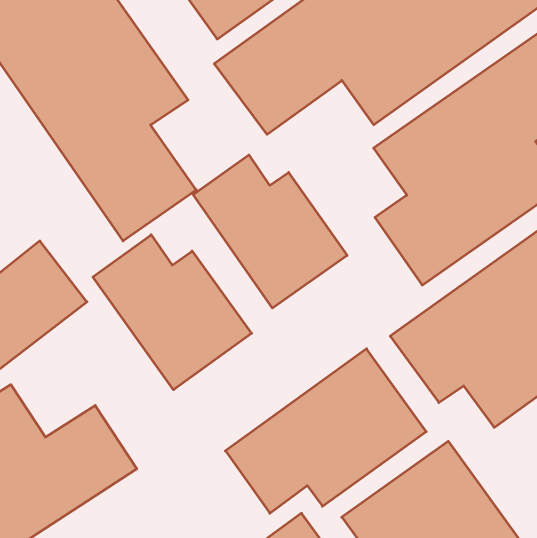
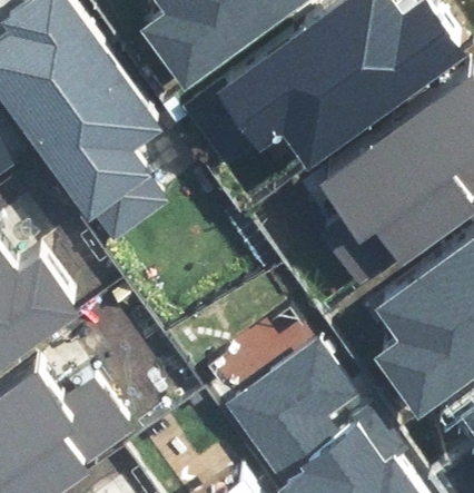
building: [193,155,347,308] -> none
building: [93,235,252,390] -> none

